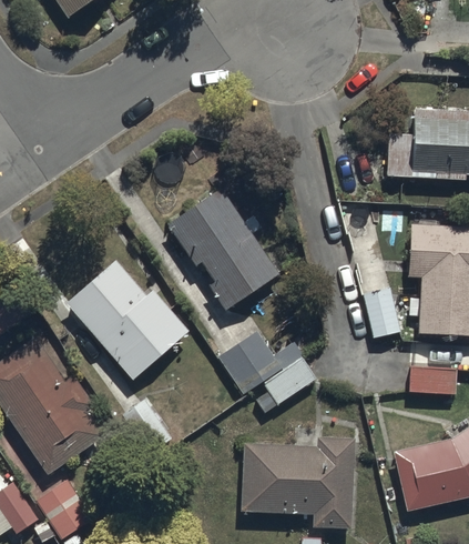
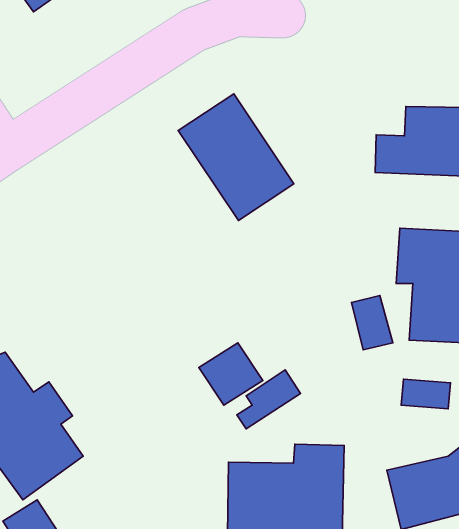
building: [170,190,278,309] -> [178,94,294,220]
building: [68,259,184,377] -> none

